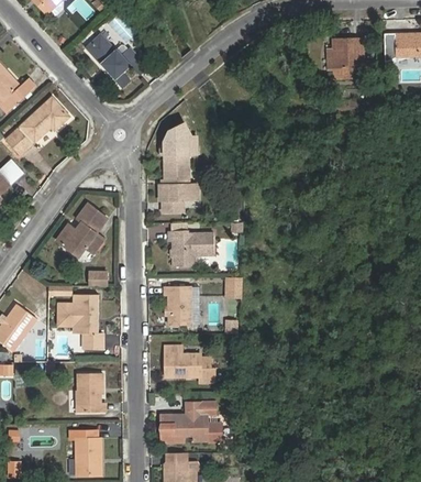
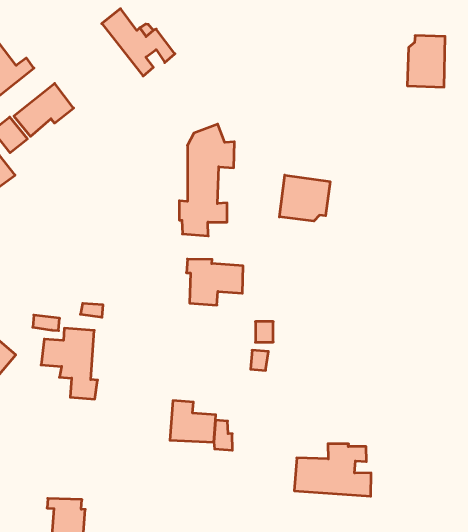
building: none -> [279,175,330,221]
building: [56,204,107,259] -> none
building: [164,286,192,326] -> none
building: [76,373,104,413] -> none
building: [160,401,222,441] -> [294,444,371,496]

